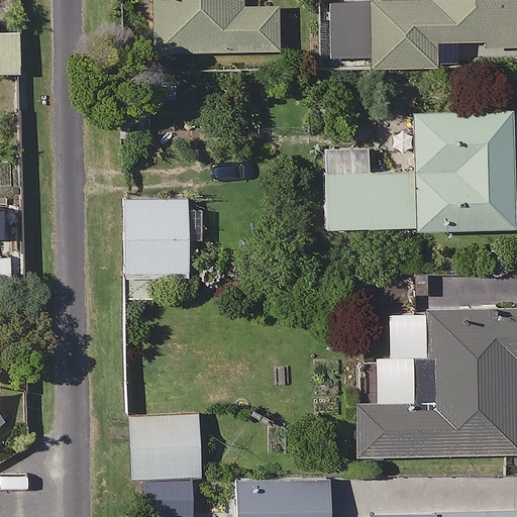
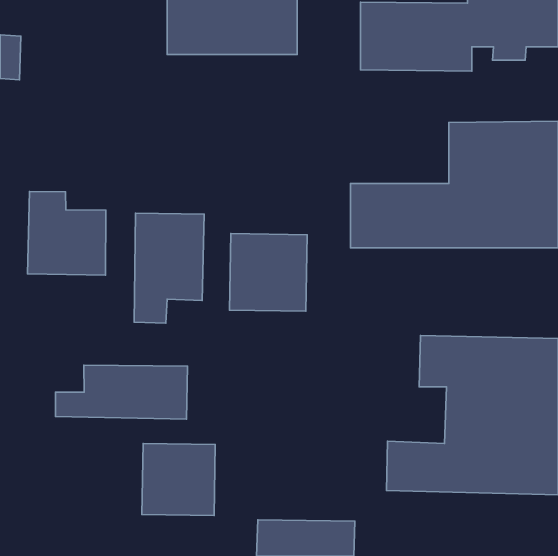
building: none -> [27,192,106,275]
building: none -> [230,234,307,311]
building: none -> [55,365,187,419]

